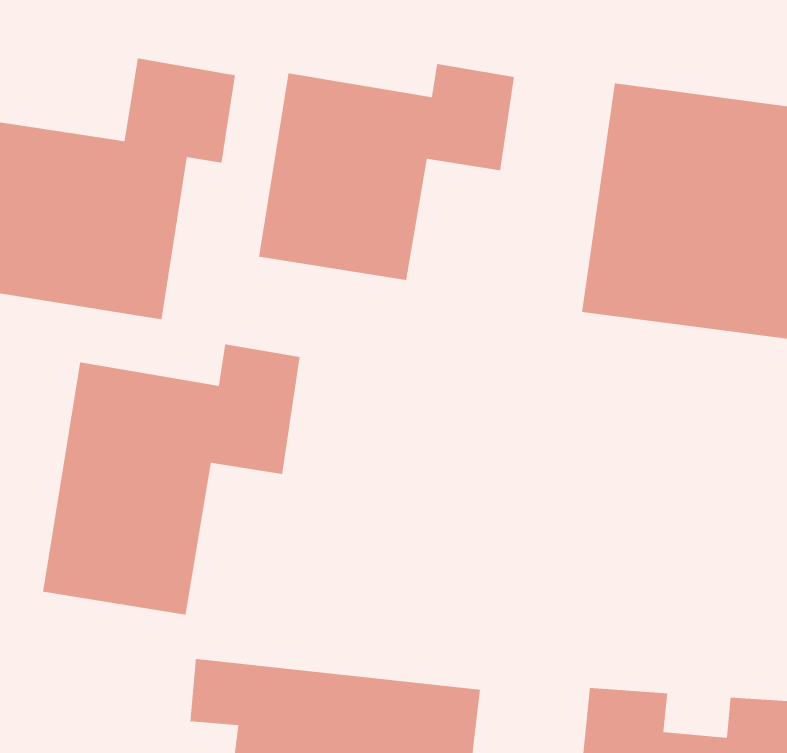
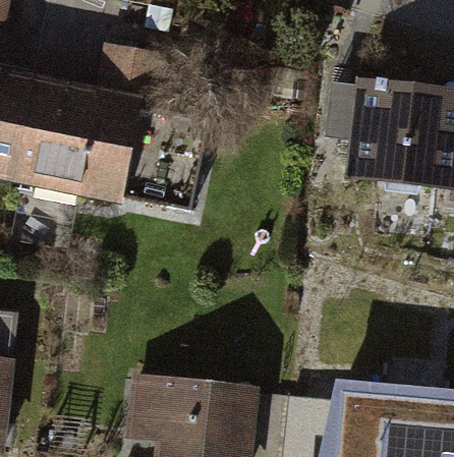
building: [258,63,515,281] -> none
building: [42,344,300,615] -> none

